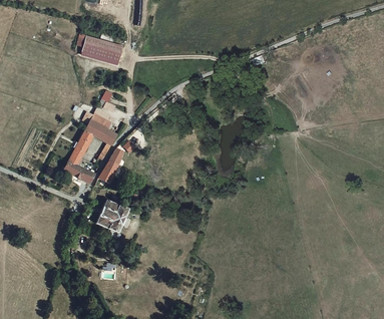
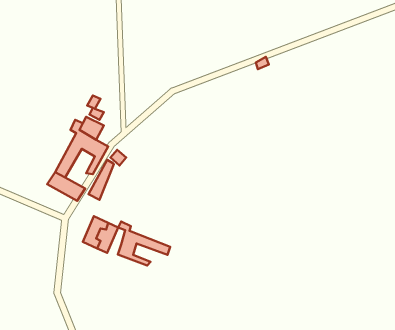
building: [83,37,124,68] -> none
building: none -> [118,222,170,265]

